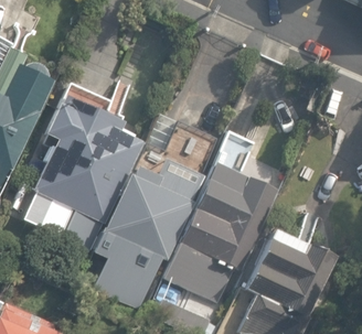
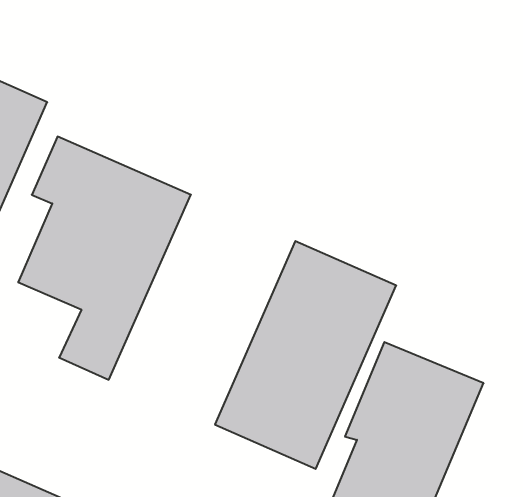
building: [96,169,196,292] -> none

